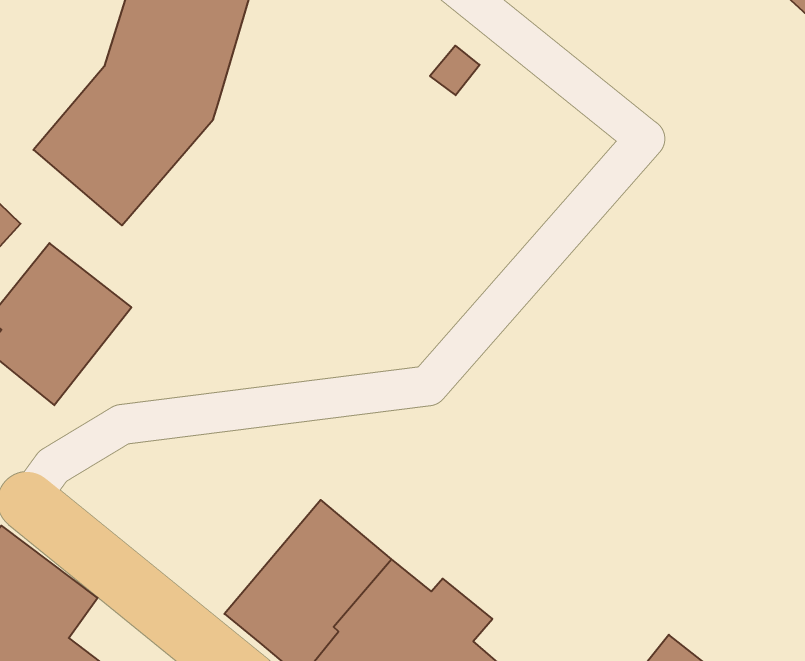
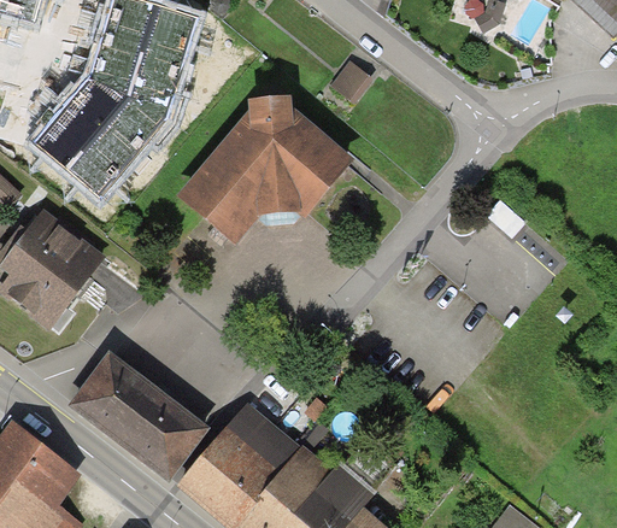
building: none -> [177,95,353,245]
building: none -> [67,351,211,482]

